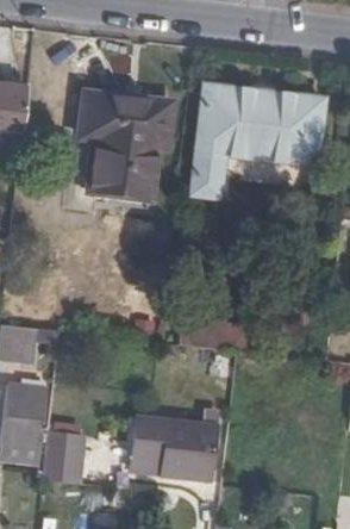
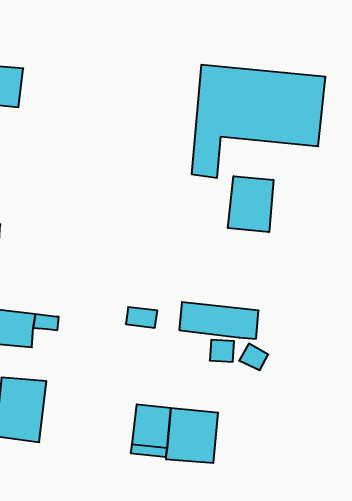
building: [80,100,167,195] -> none
building: none -> [228,176,273,232]
building: [45,430,86,481] -> none

